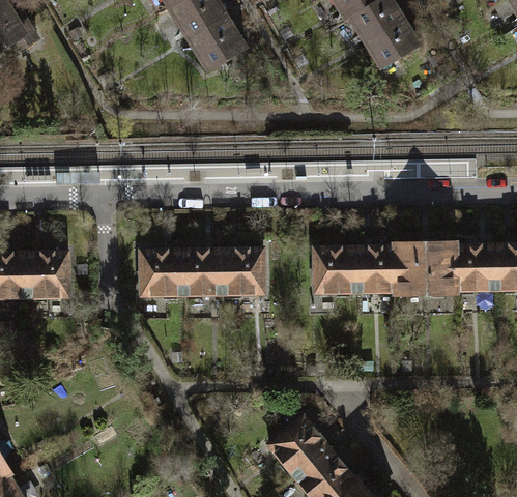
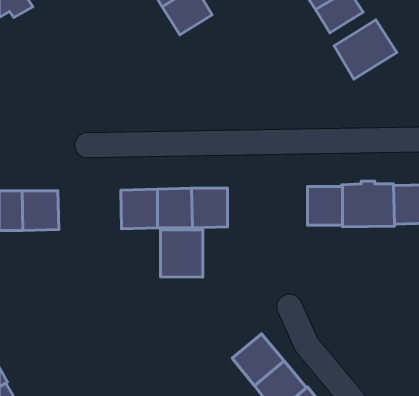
building: none -> [334,20,397,79]
building: [315,246,356,292] -> none
building: none -> [161,230,203,277]

